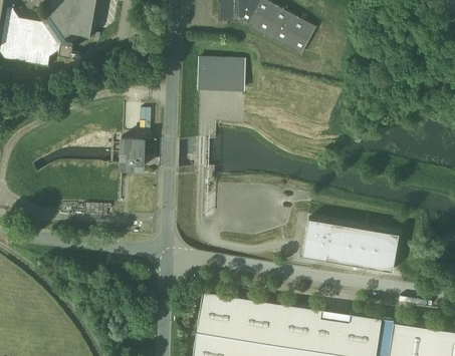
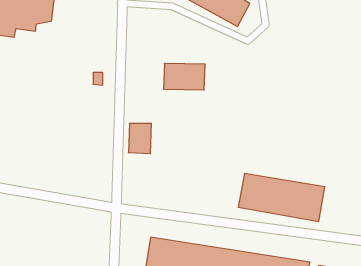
building: [197,58,244,88] -> [164,63,205,90]
building: [118,135,144,169] -> [128,123,151,154]

